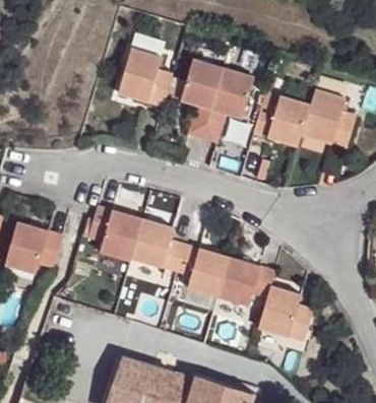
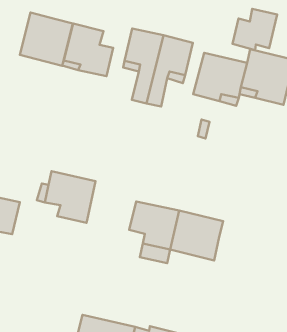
building: none -> [20,12,73,66]
building: none -> [232,9,277,50]
building: [132,217,185,271] -> none
building: [259,284,314,337] -> none

